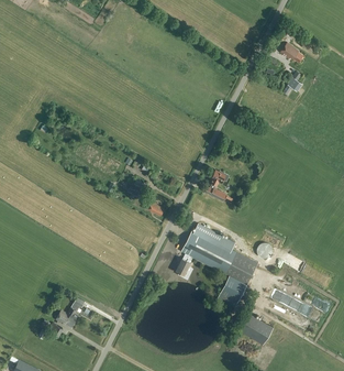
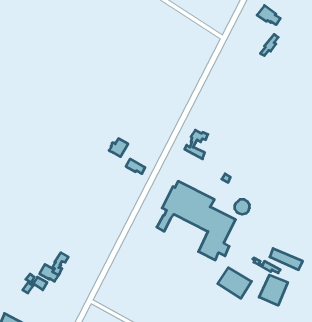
building: none -> [259,275,288,305]

